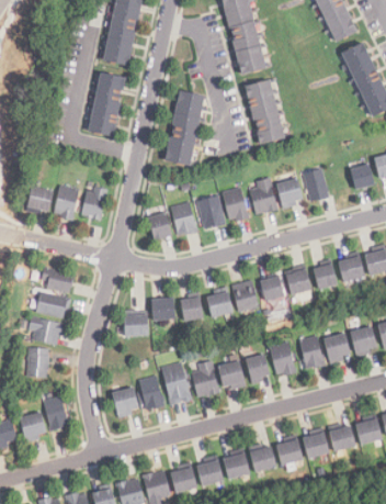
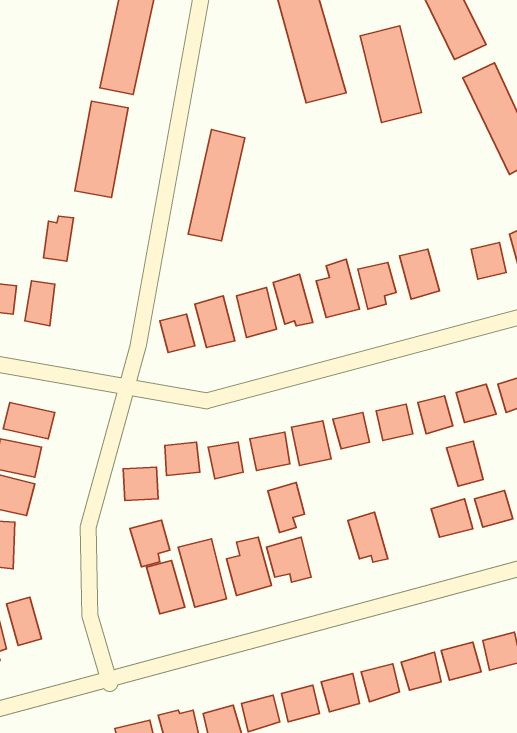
building: [240,76,281,139] -> [360,26,422,122]
building: [83,191,103,221] -> [44,216,73,261]
building: [299,336,323,366] -> [446,441,483,486]
building: [243,351,268,384] -> [268,483,304,533]
building: [109,385,135,416] -> [130,520,170,567]

